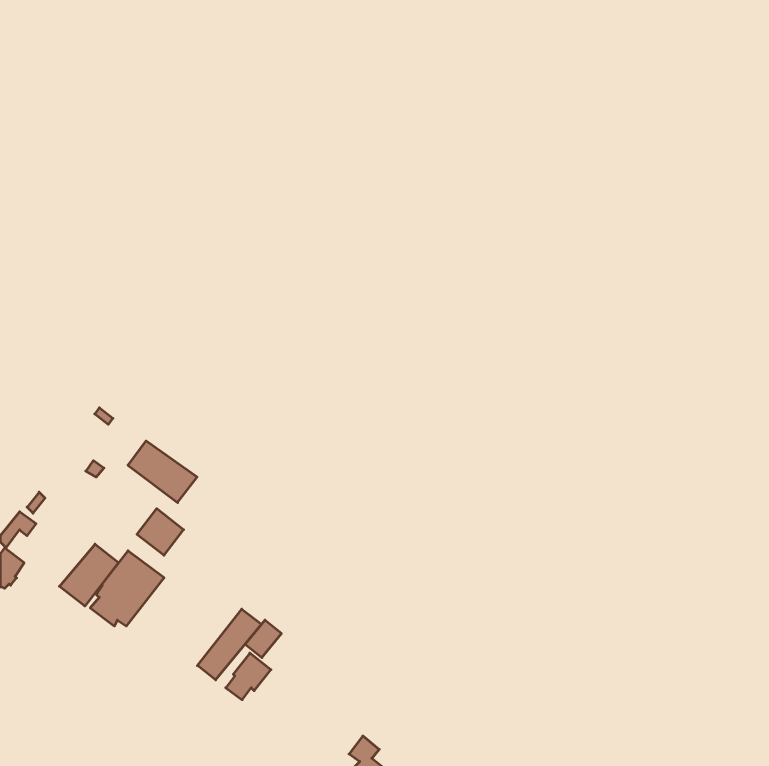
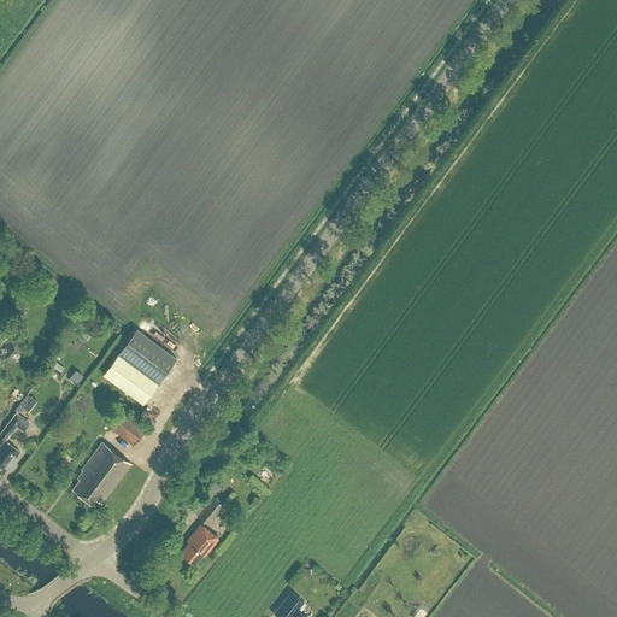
building: none -> [118,331,175,383]
building: [59,544,119,606] -> none
building: [197,609,261,680] -> none

